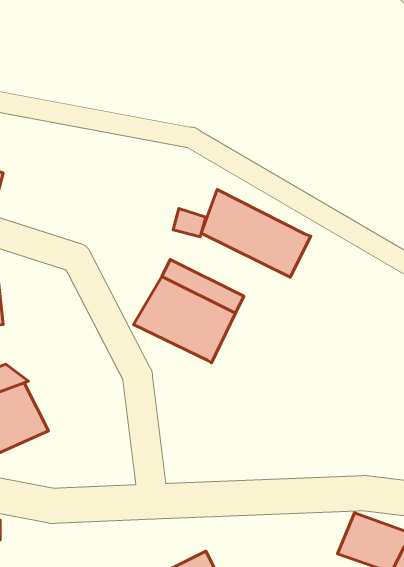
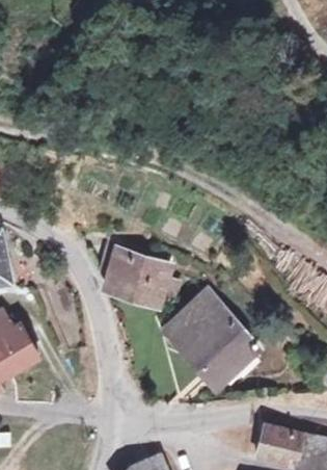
building: [201,189,311,277] -> none
building: none -> [166,303,253,391]

